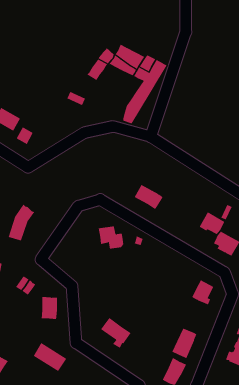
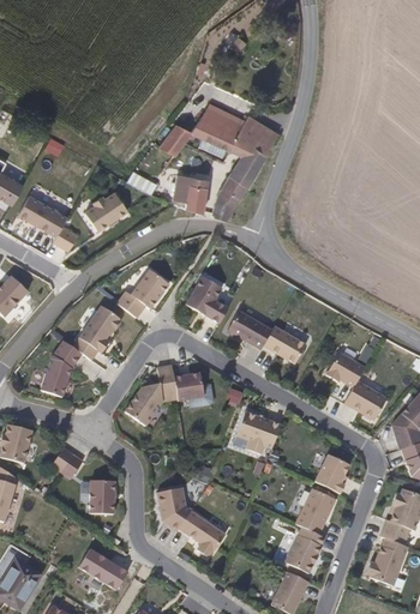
building: none -> [168,170,208,213]
building: none -> [86,191,130,231]
building: none -> [118,271,168,318]
building: none -> [188,277,229,323]
building: none -> [73,305,120,359]
building: none -> [264,326,306,363]
building: none -> [126,365,179,426]
building: none -> [238,411,282,453]
building: none -> [158,487,192,528]
building: none -> [296,487,335,532]

